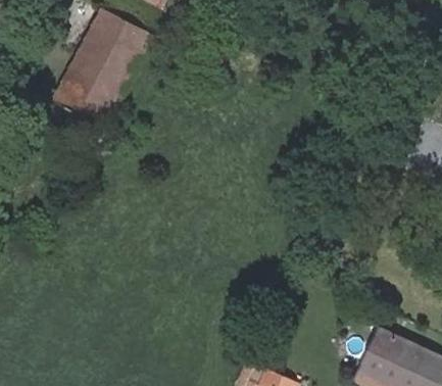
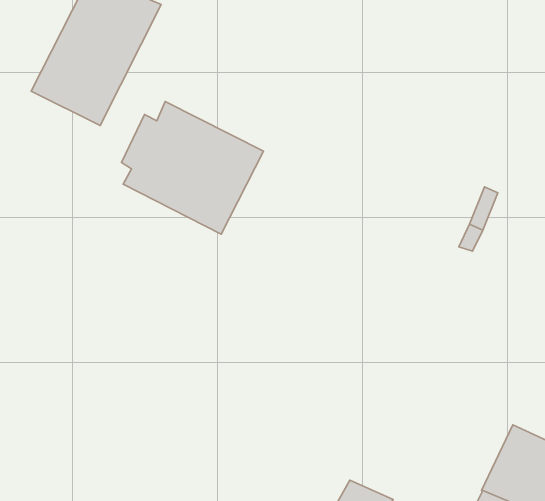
building: none -> [121,102,264,234]

